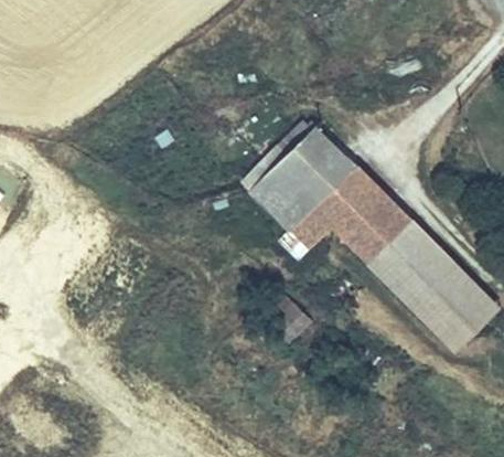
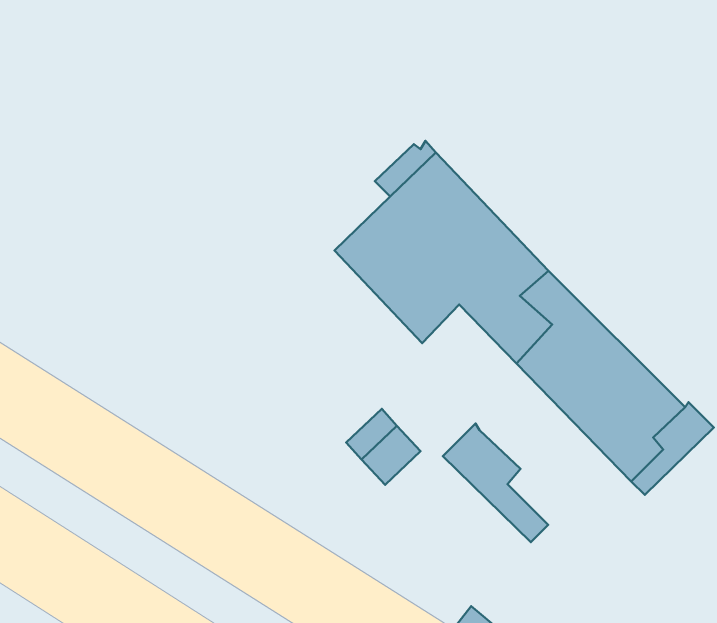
building: none -> [443,424,548,542]

